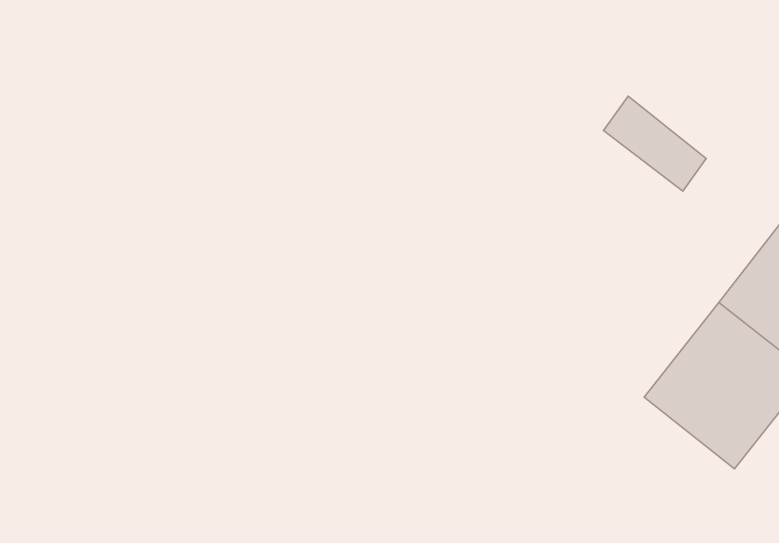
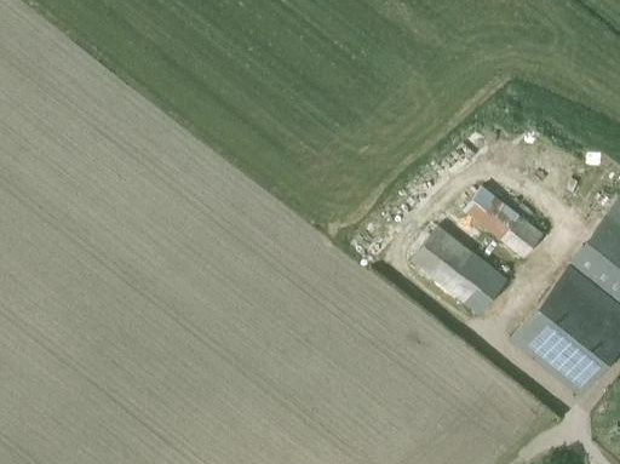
building: [603,96,706,191] -> [464,185,544,259]
building: none -> [411,224,509,316]

